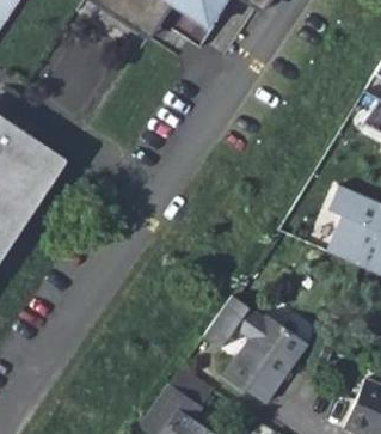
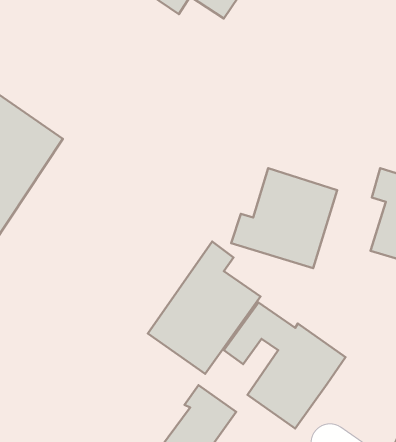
building: none -> [231,168,337,268]
building: none -> [148,242,260,374]

